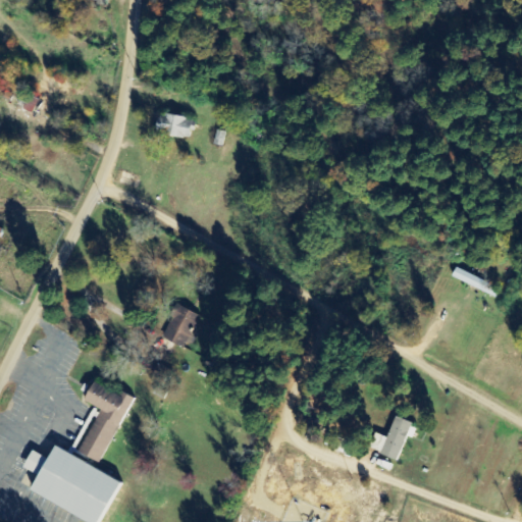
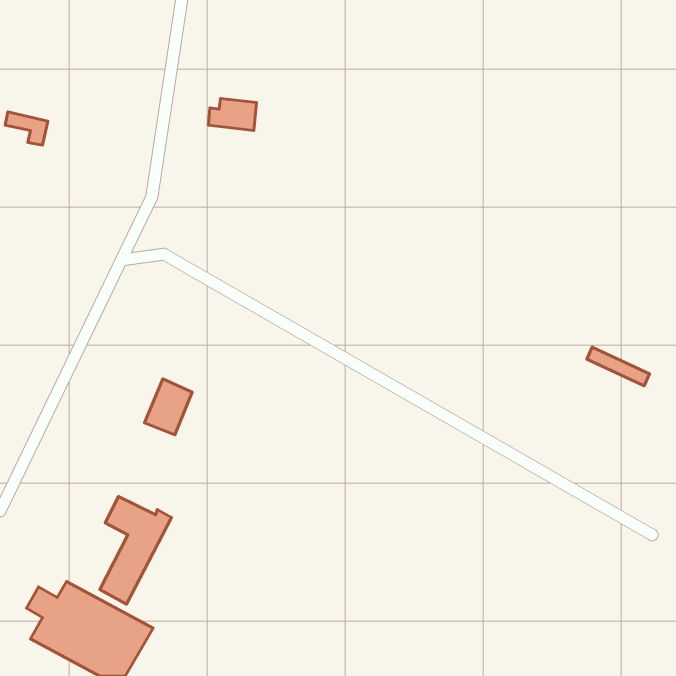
building: [156,112,193,137] -> [208,99,256,130]
building: [164,304,201,347] -> [144,379,192,435]
building: [370,415,413,459] -> none

